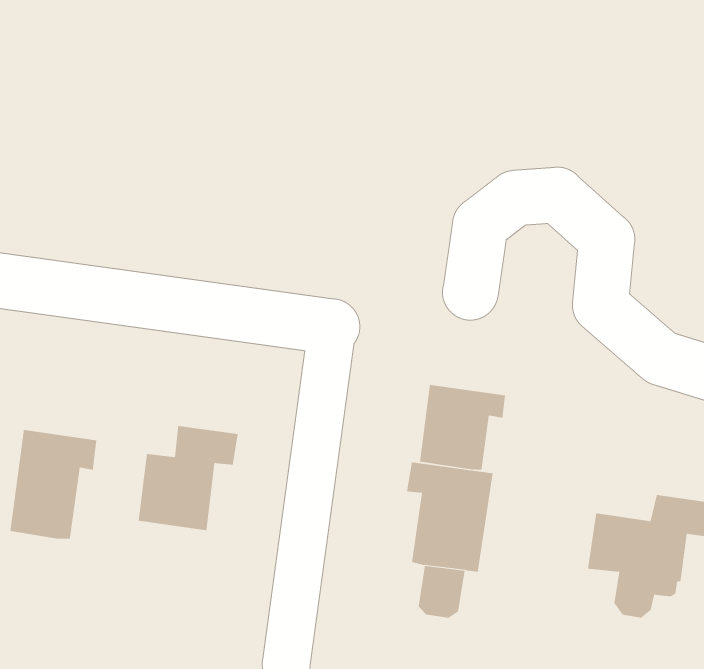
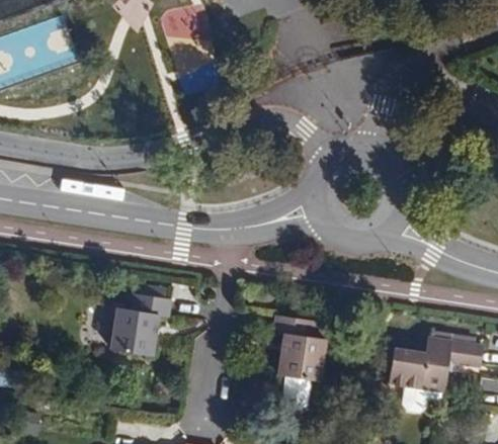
building: [420,384,505,470] -> none
building: [10,429,97,540] -> none

